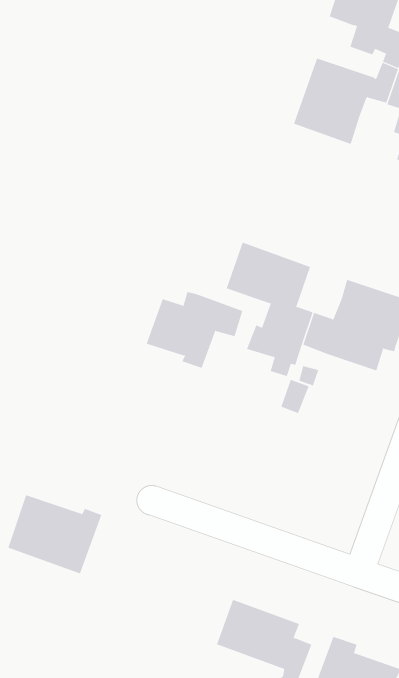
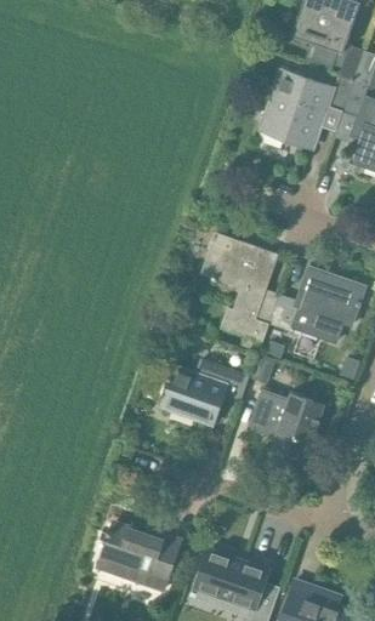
building: [146,292,243,368] -> [163,358,249,426]
building: none -> [248,388,325,458]
building: [8,494,102,574] -> [98,522,182,592]

